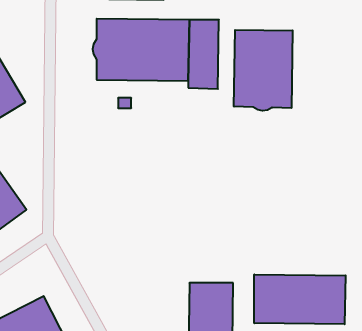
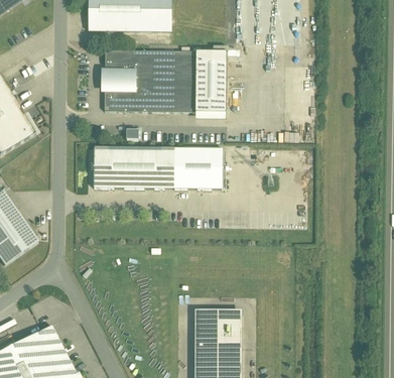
building: [234,30,293,111] -> none
building: none -> [94,146,224,187]
building: [254,274,346,324] -> none

